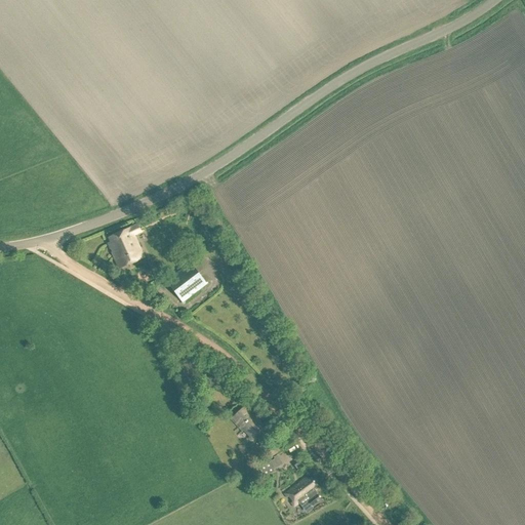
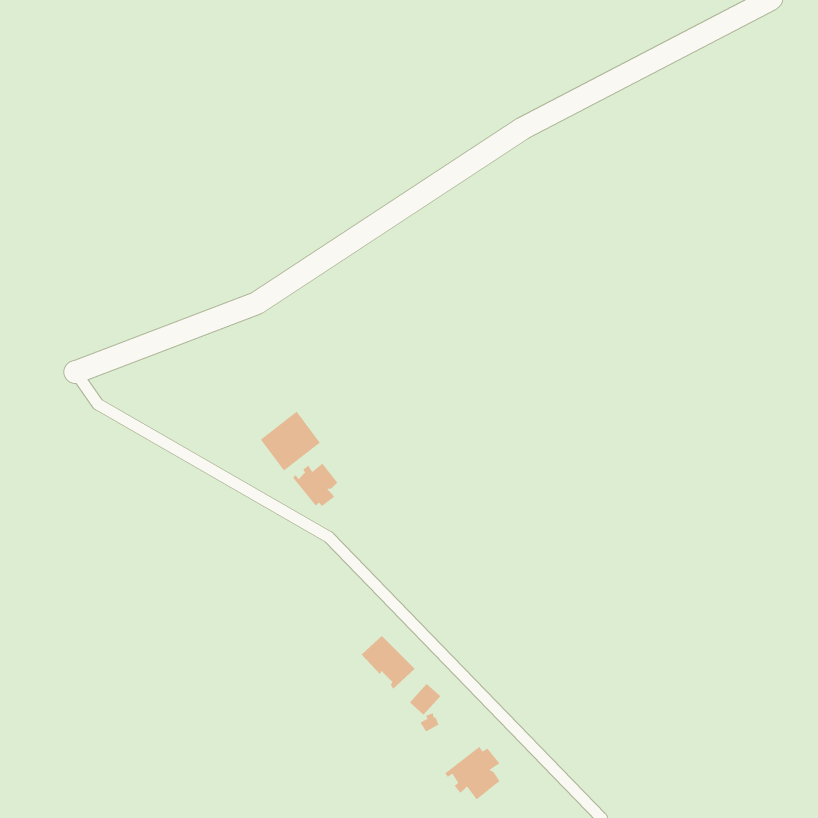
building: [107,226,143,269] -> none
building: none -> [292,462,338,507]

